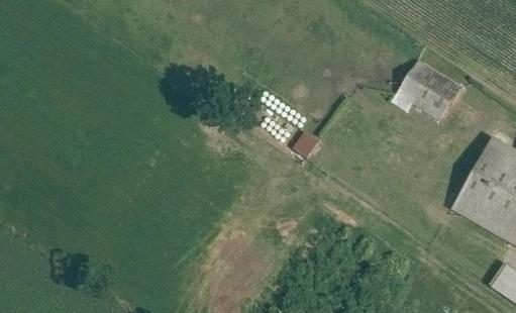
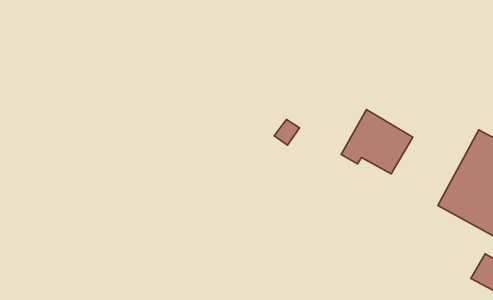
building: [391,54,461,117] -> [341,109,413,174]

